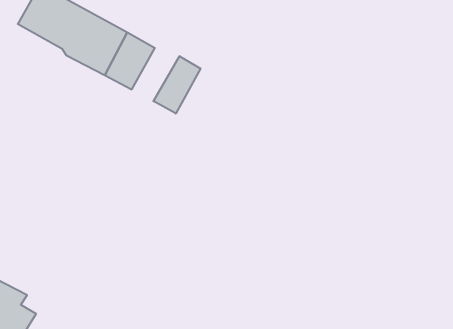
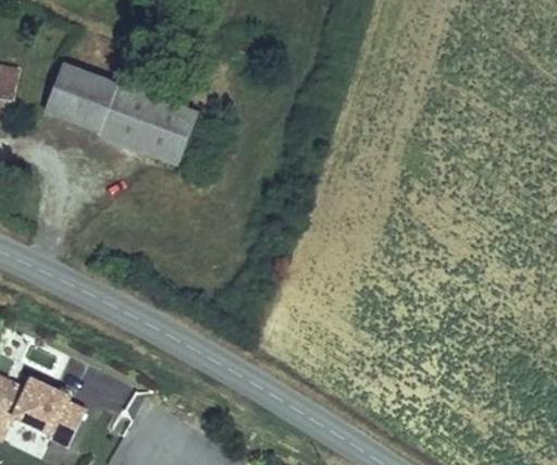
building: [153,56,201,114] -> none

